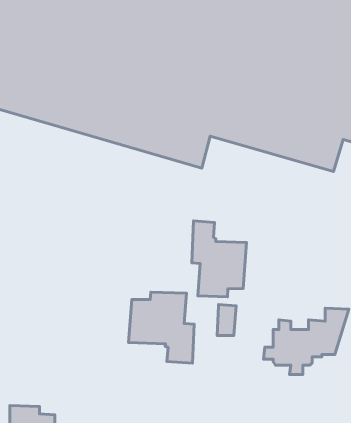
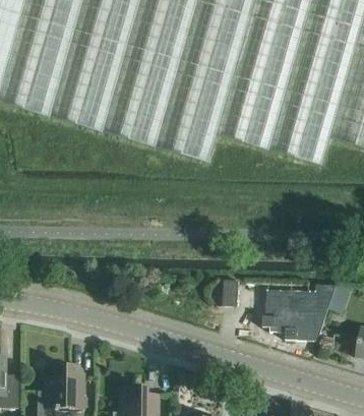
building: [192,221,246,297] -> none
building: [128,292,194,363] -> none

